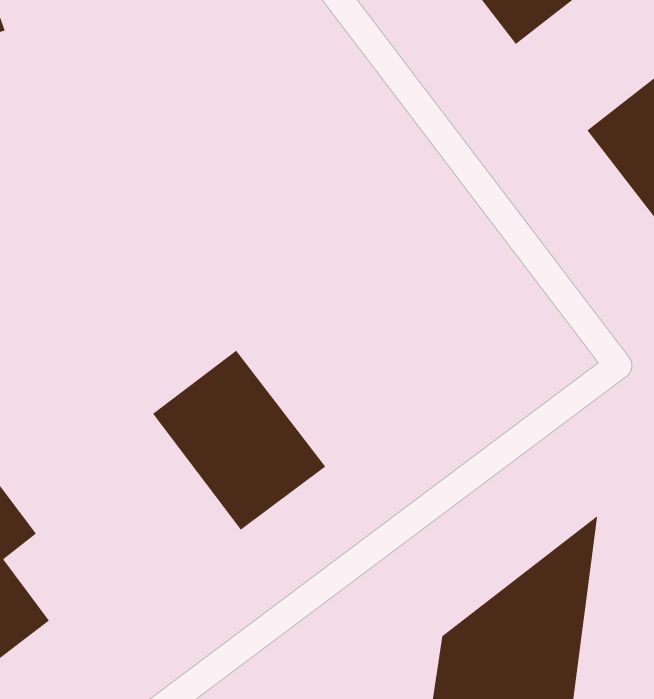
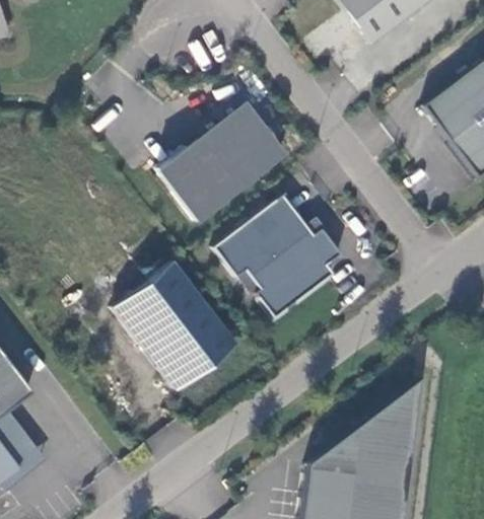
building: none -> [155,110,281,220]
building: none -> [212,194,340,317]

